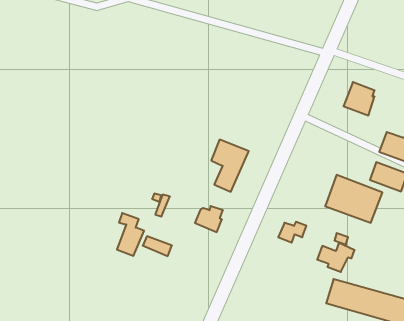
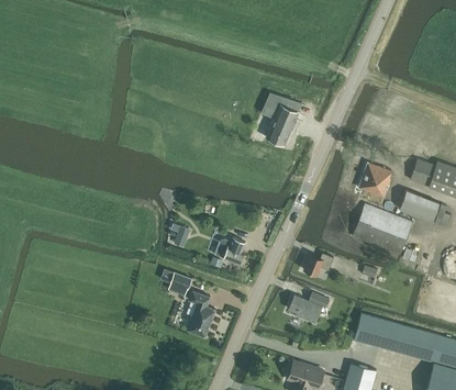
building: [343,82,375,115] -> [358,163,391,198]
building: [211,140,249,192] -> [263,91,302,146]
building: [117,213,144,256] -> [187,291,215,336]
building: [317,243,355,272] -> [289,292,329,323]

